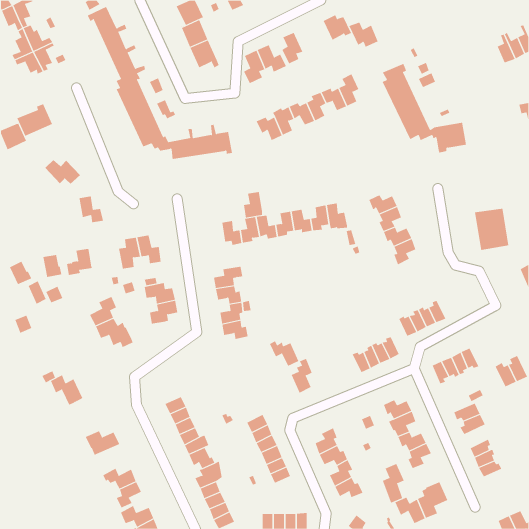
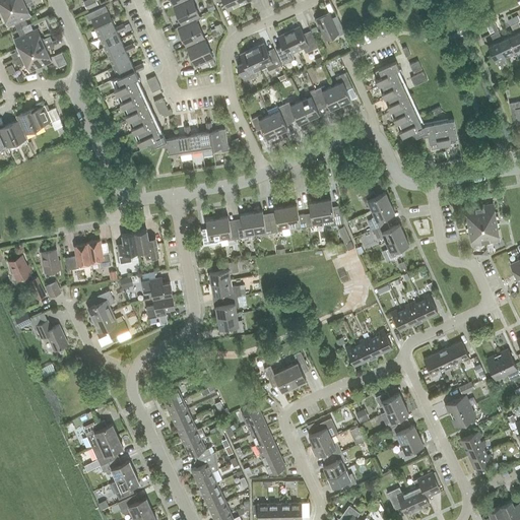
building: [349,22,379,48] -> [288,27,318,53]
building: [44,159,81,184] -> none
building: [243,191,263,218] -> [201,218,220,245]
building: [78,196,104,223] -> [86,241,112,267]
building: [269,341,299,366] -> [264,366,294,391]
building: [50,375,83,406] -> [36,320,68,350]
building: none -> [92,436,123,466]
building: [382,463,404,504] -> none

